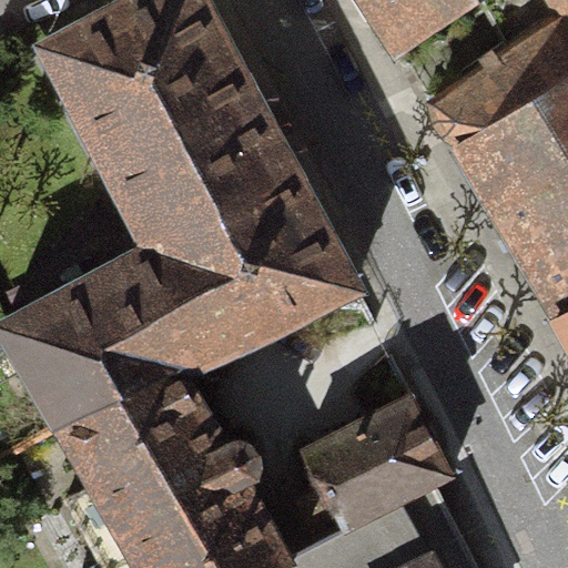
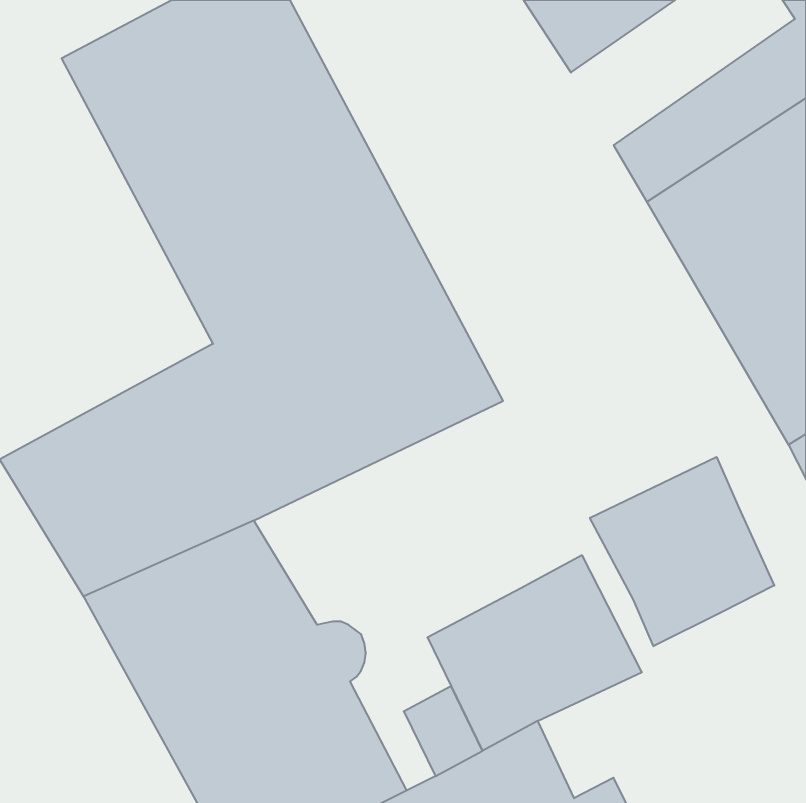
building: none -> [590,457,774,646]

